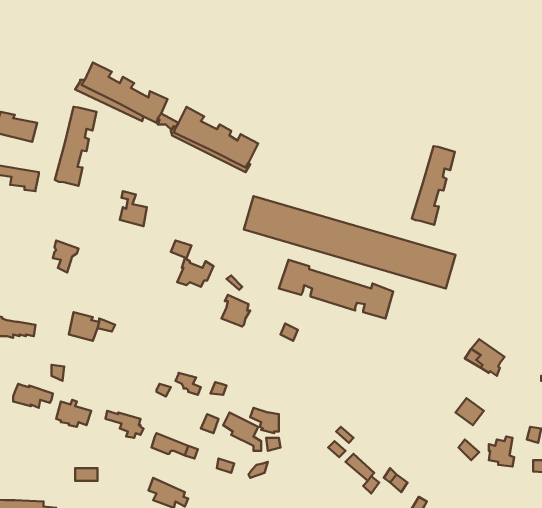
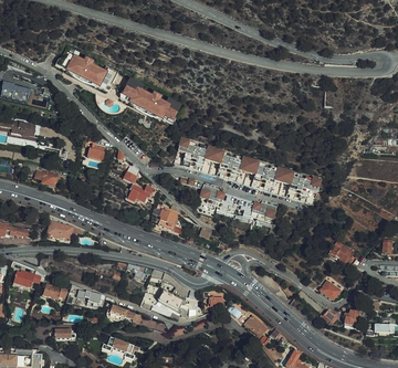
building: [55,107,96,186] -> none
building: [412,146,455,225] -> none

